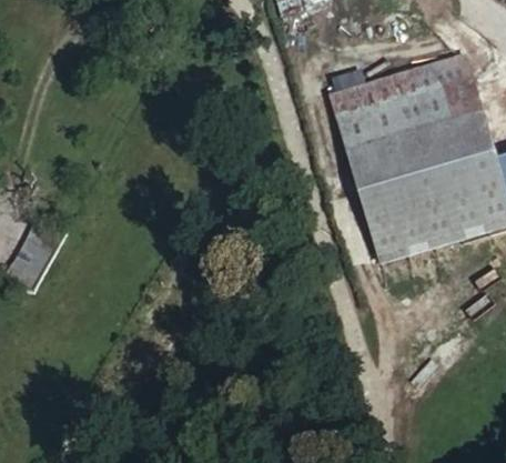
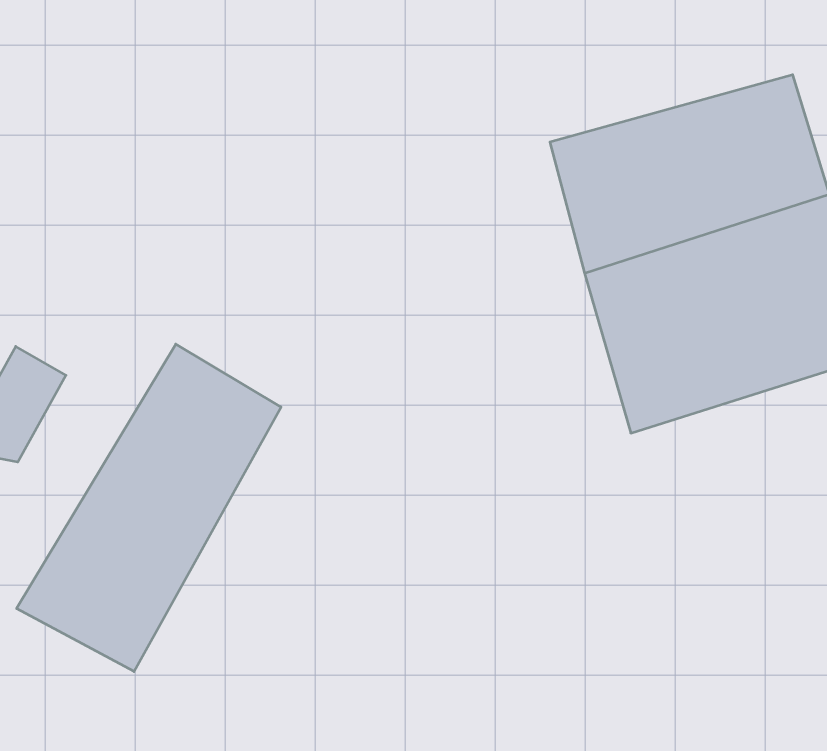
building: none -> [17,344,281,672]

